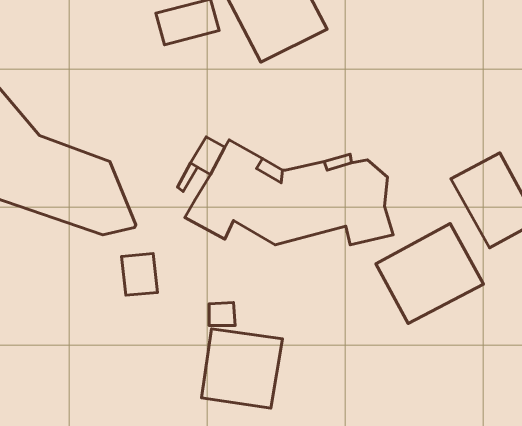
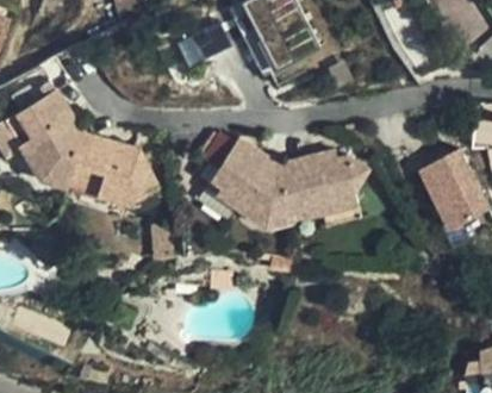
building: [376,224,484,323] -> none
building: [201,329,283,408] -> none

